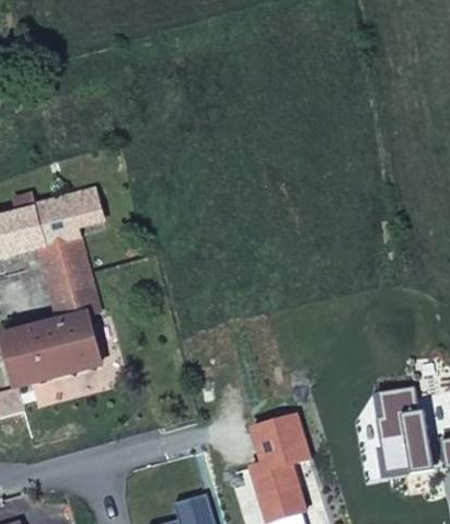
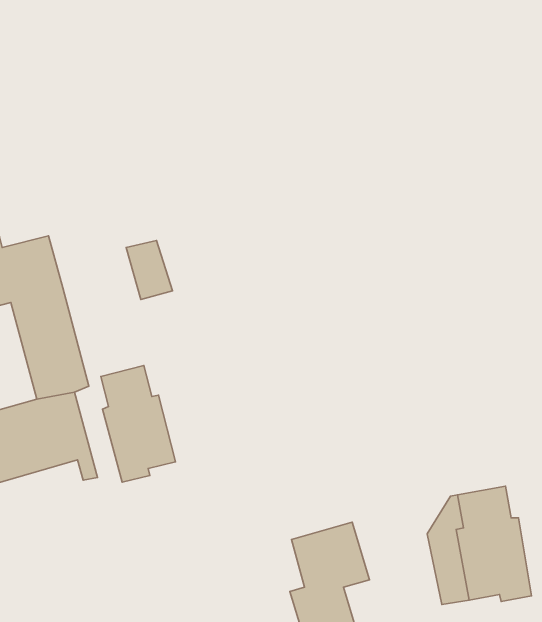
building: [67,190,102,235] -> [126,240,173,300]
building: none -> [101,365,176,482]

